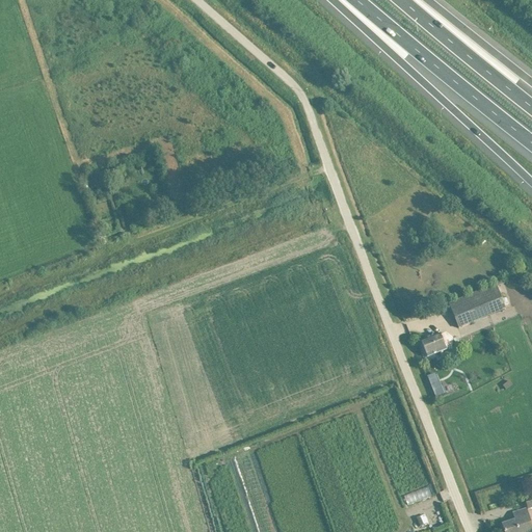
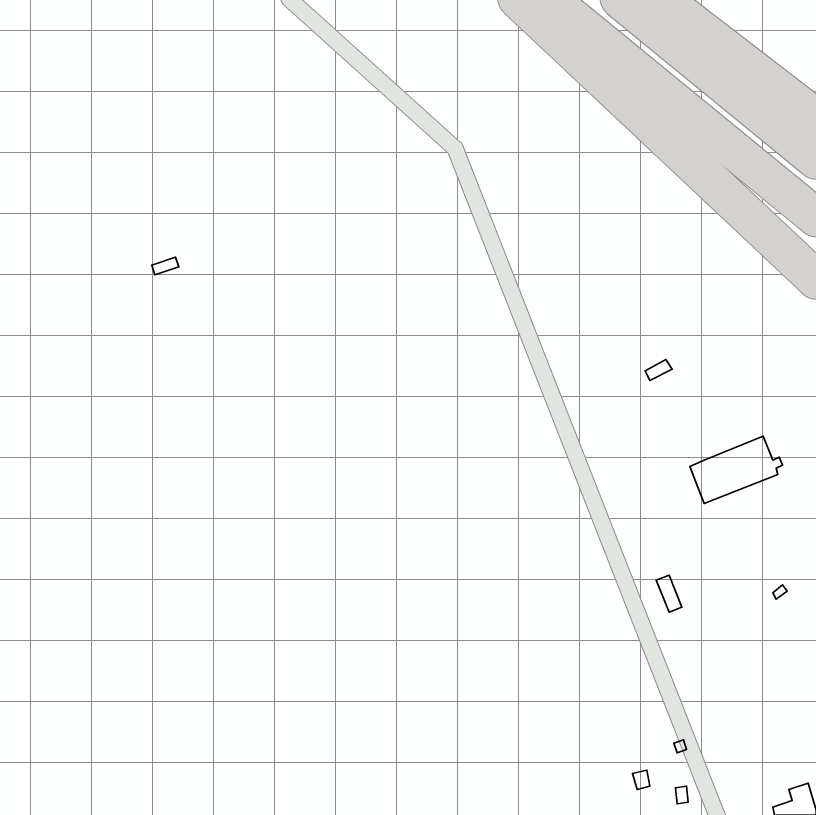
building: [421,334,452,357] -> none

